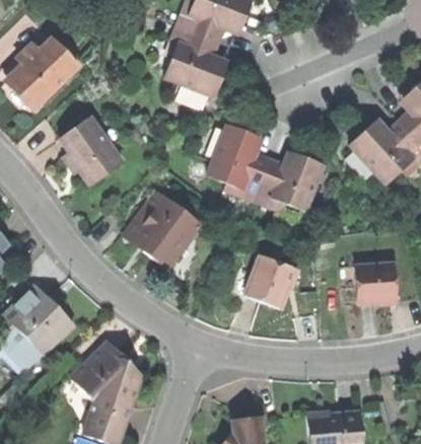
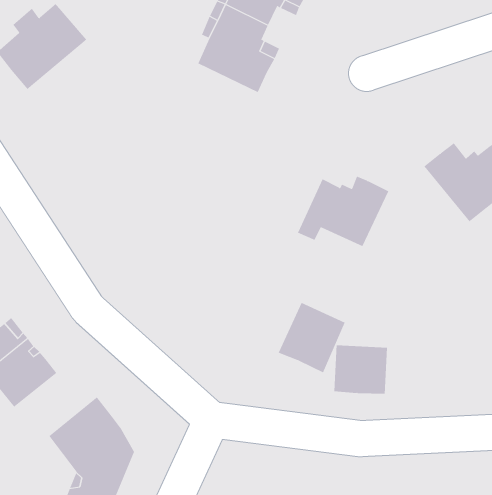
building: [60,117,123,183] -> none
building: [207,124,270,202] -> none
building: [128,192,199,267] -> none
building: [356,265,398,302] -> [333,345,388,394]

